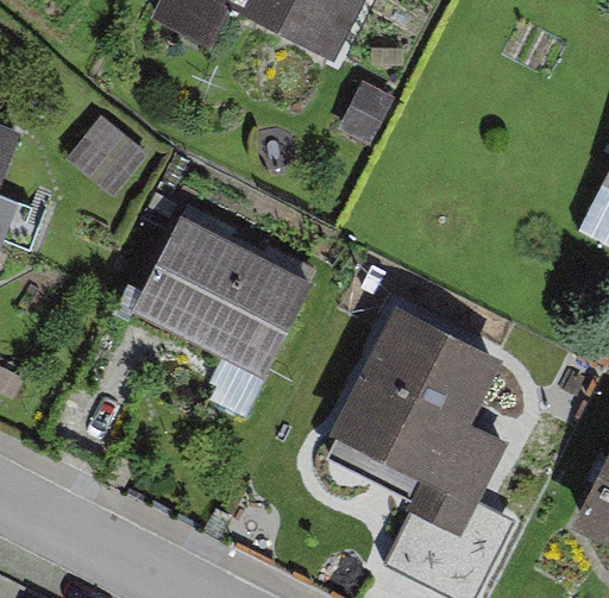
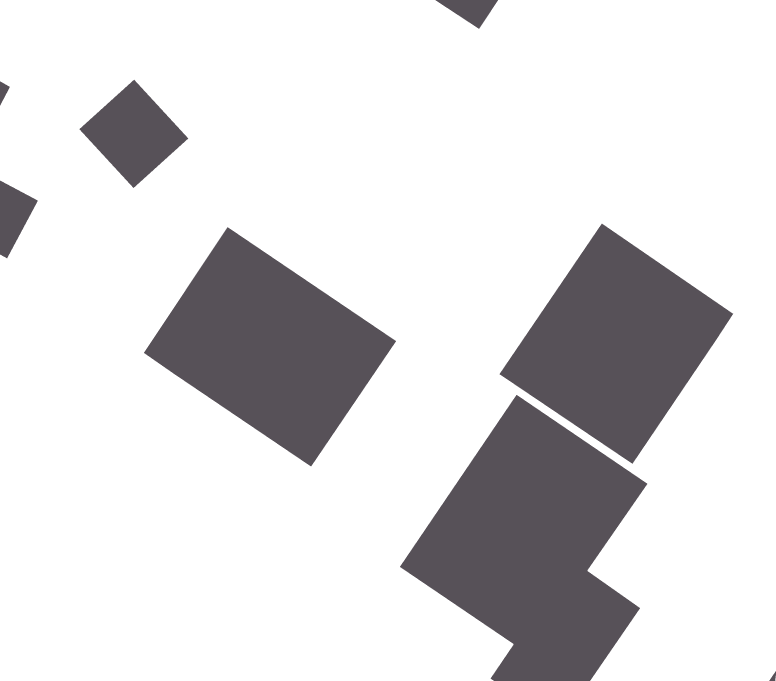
building: none -> [499,222,734,465]

